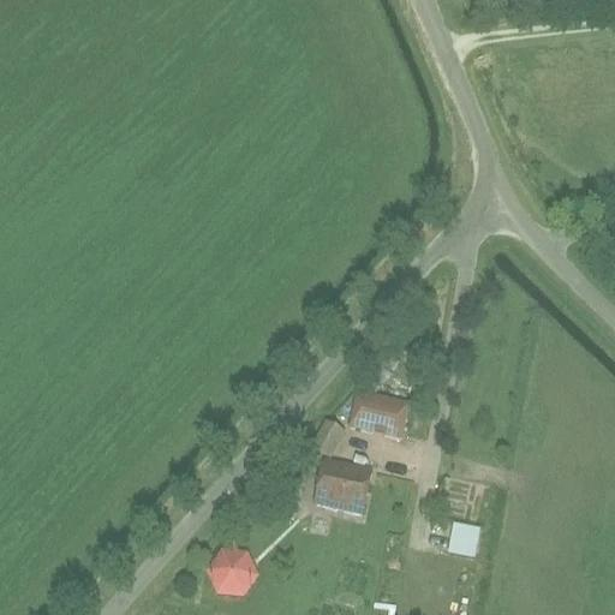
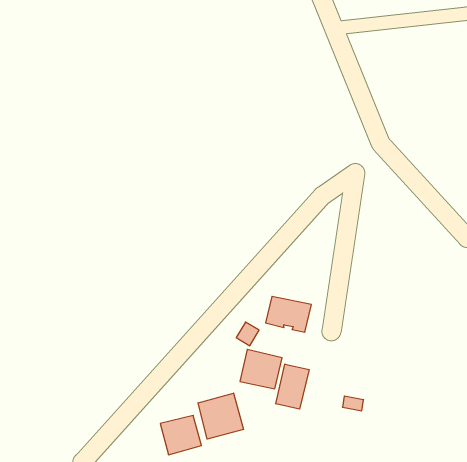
building: none -> [276,364,309,409]
building: none -> [198,393,244,439]

